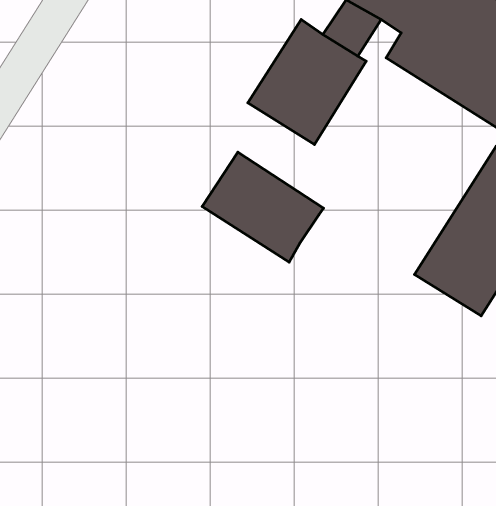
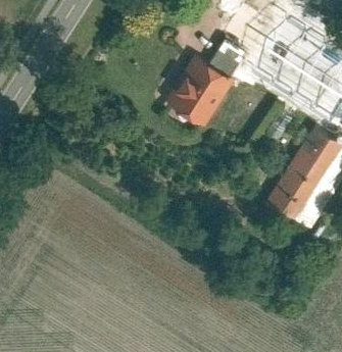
building: [202,152,323,262] -> none

